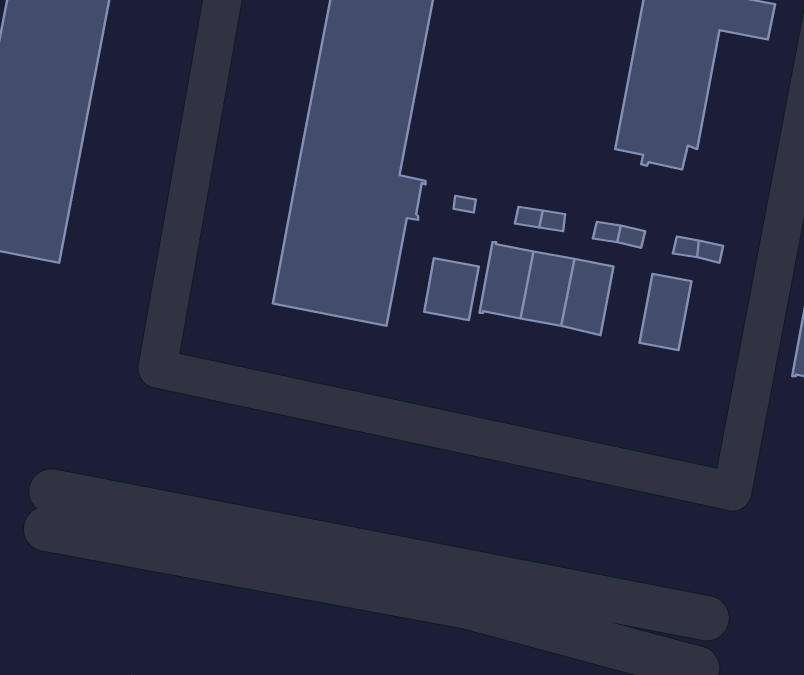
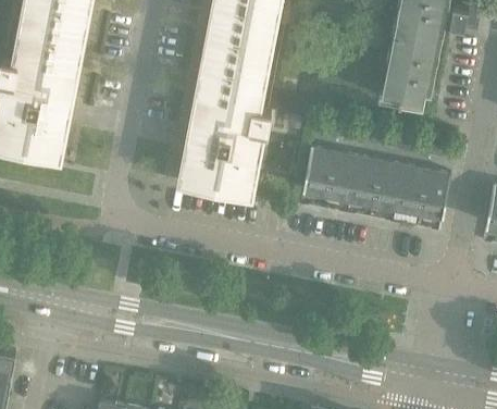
building: [424,258,479,320] -> none
building: none -> [373,170,403,214]
building: none -> [419,178,450,224]

